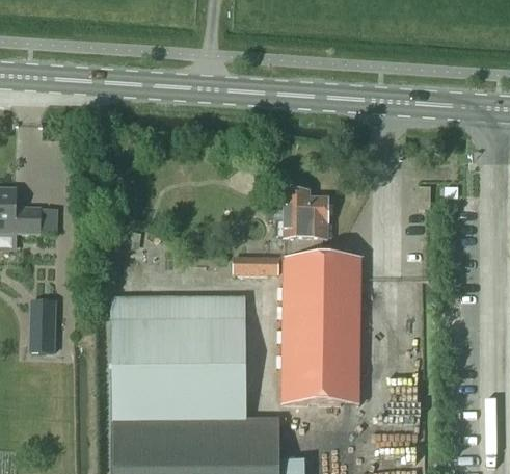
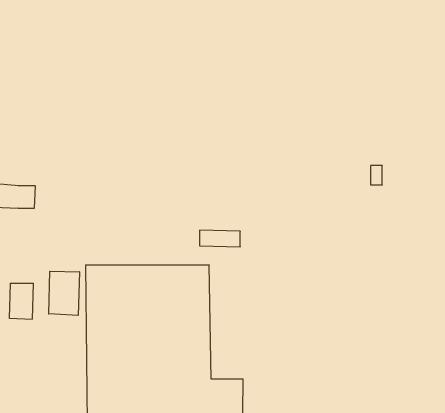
building: [283,192,360,406] -> none
building: none -> [49,271,79,315]

